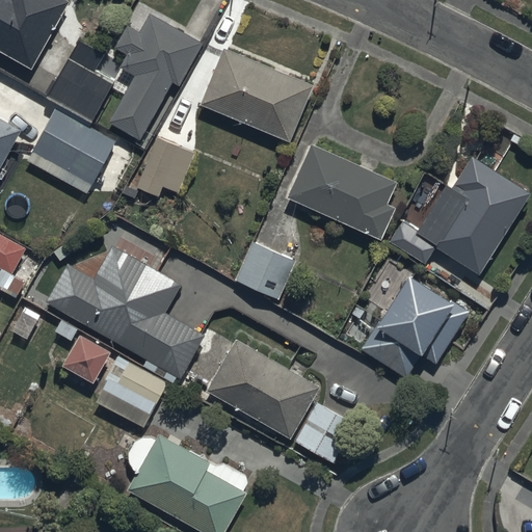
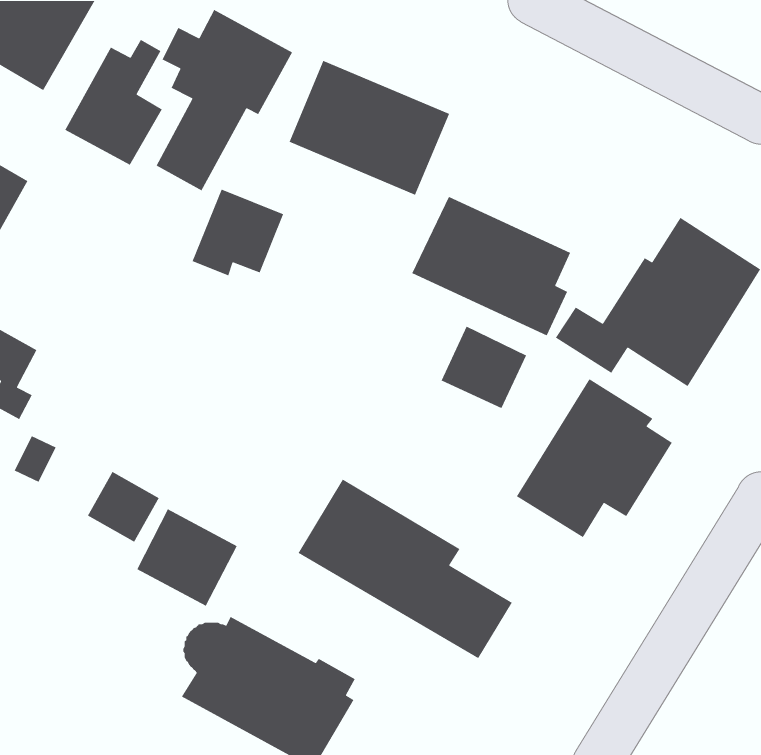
building: [30,110,115,189] -> none
building: [235,242,295,300] -> [441,325,527,409]
building: [46,246,203,382] -> none

